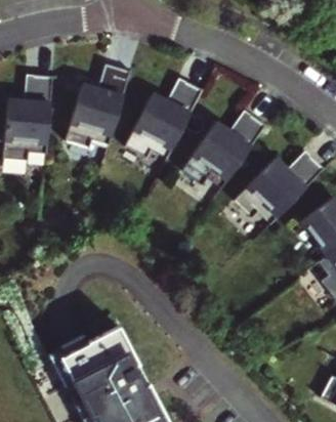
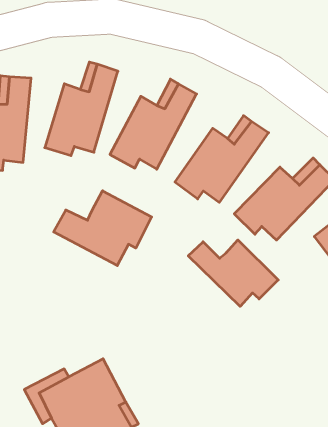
building: none -> [54,191,152,266]
building: none -> [188,240,278,306]

